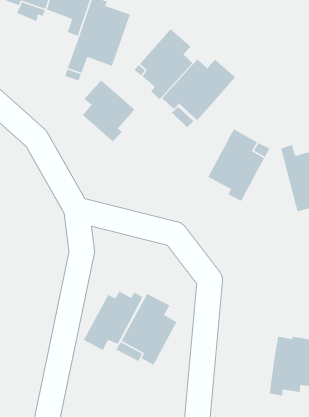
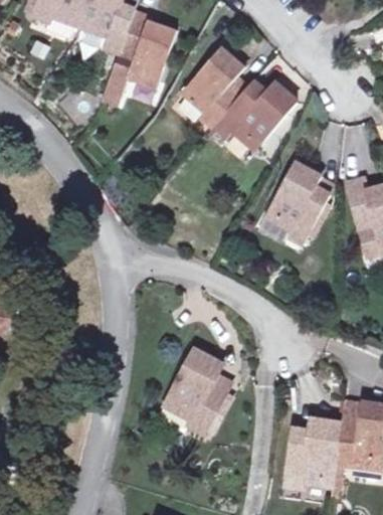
building: [82,79,136,143] -> none
building: [83,290,144,351] -> none
building: none -> [284,418,340,487]

